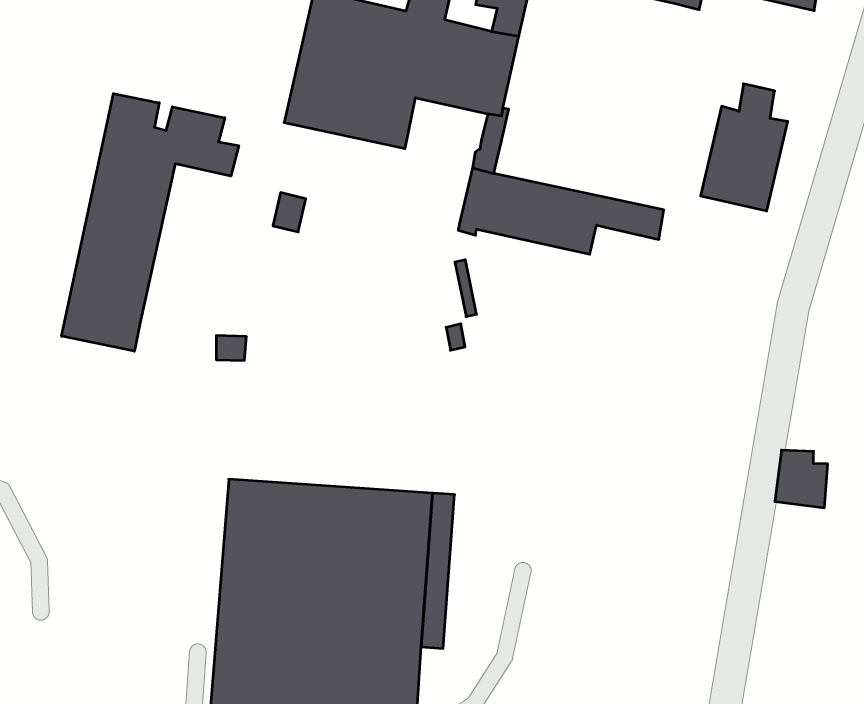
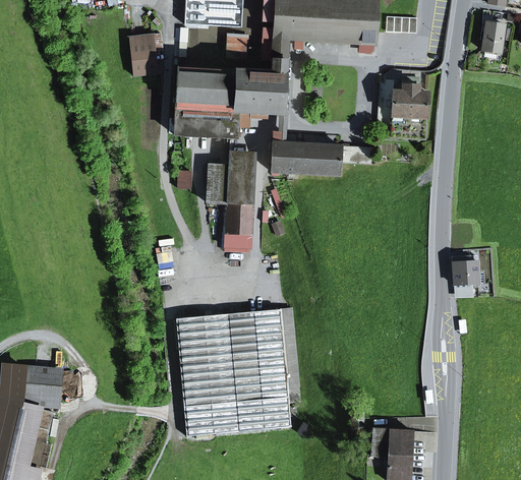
building: [62,94,239,351] -> none
building: none -> [207,156,255,247]

